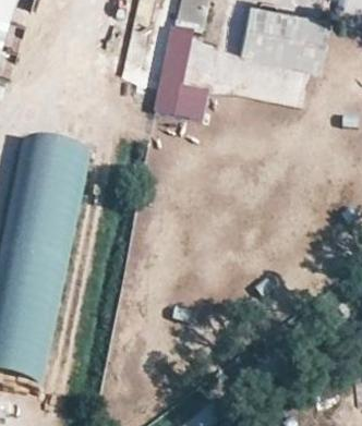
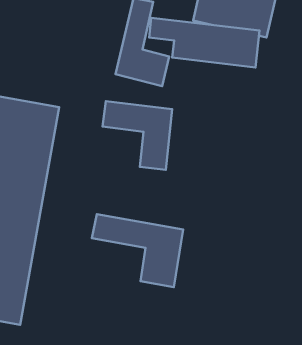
building: none -> [102,101,172,170]
building: none -> [92,214,183,287]

